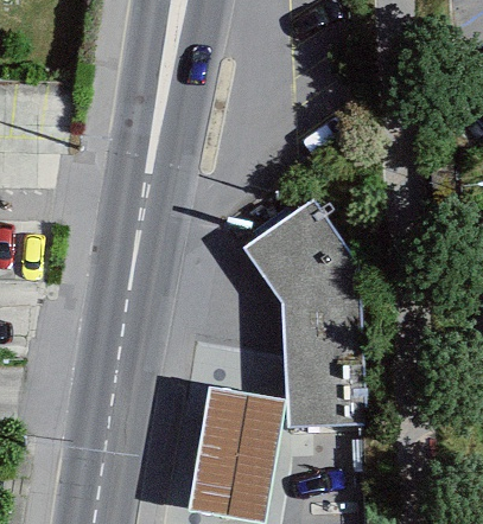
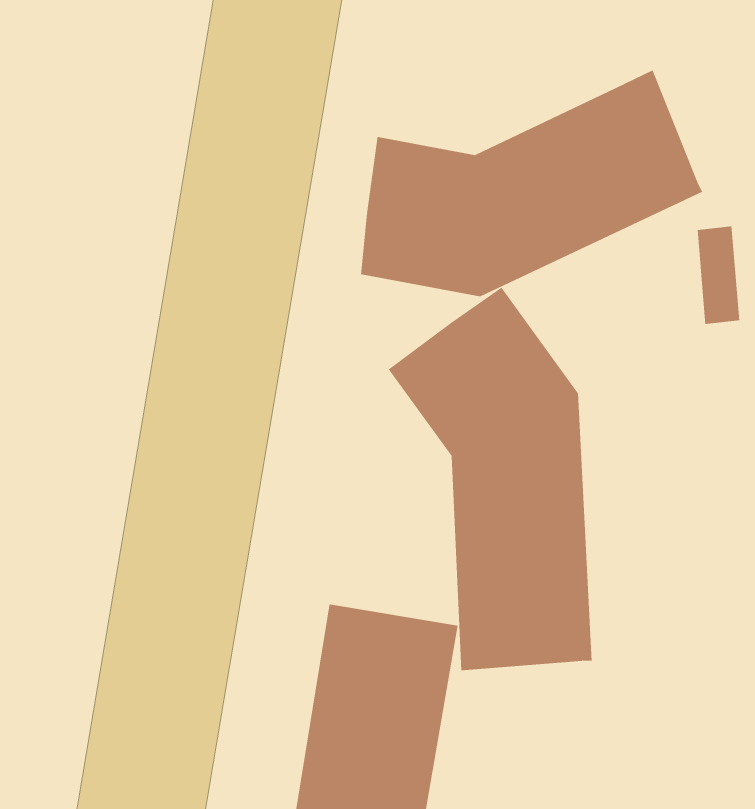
building: none -> [360,69,703,297]

